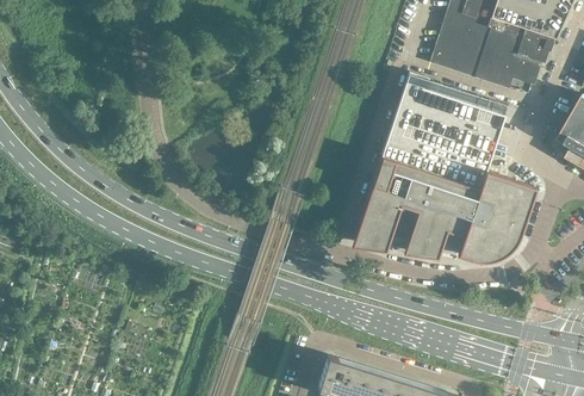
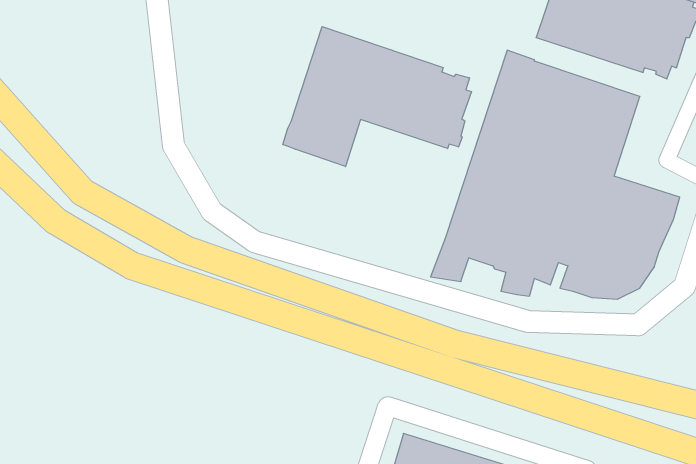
building: none -> [283,27,471,167]

